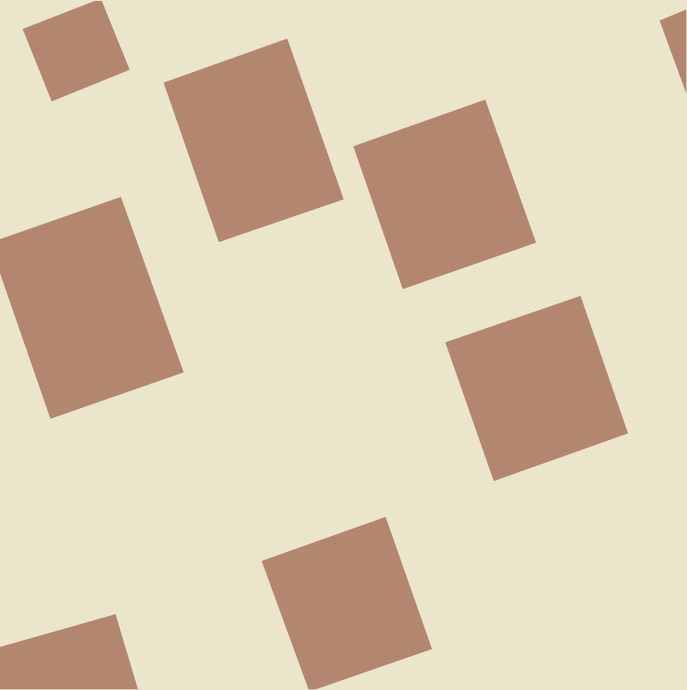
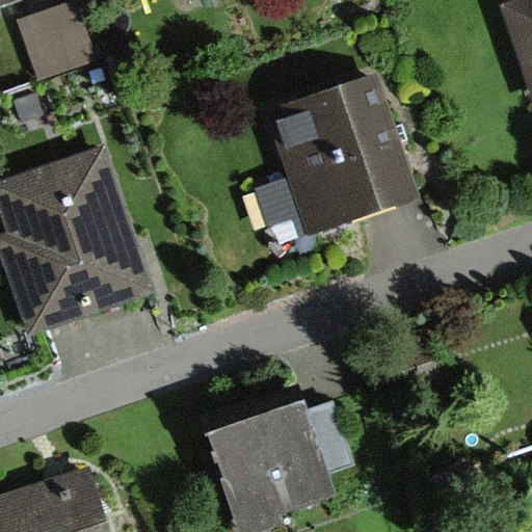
building: [162,38,345,243] -> none
building: [444,295,629,482] -> none

